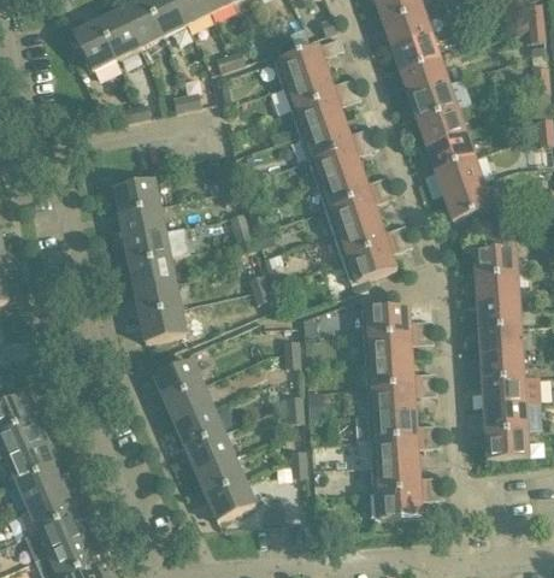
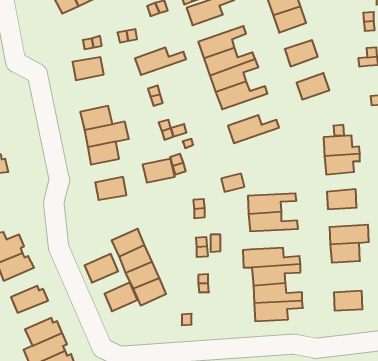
building: [282,70,356,110] -> [135,48,186,75]
building: [408,77,471,120] -> none
building: [425,131,473,170] -> none
building: [113,178,159,212] -> [72,57,104,80]
building: [442,181,491,220] -> none
building: [325,185,395,232] -> none
building: [342,235,412,293] -> none
building: [134,281,181,315] -> [143,159,175,183]
building: [477,300,520,329] -> none
building: [360,305,432,335] -> none
building: [479,352,523,381] -> none
building: [153,358,202,400] -> [84,254,118,283]
building: [366,383,437,413] -> none
building: [485,430,528,459] -> [334,291,363,311]
building: [6,440,58,483] -> none
building: [206,478,254,520] -> [104,282,137,311]
building: [26,488,78,530] -> none

